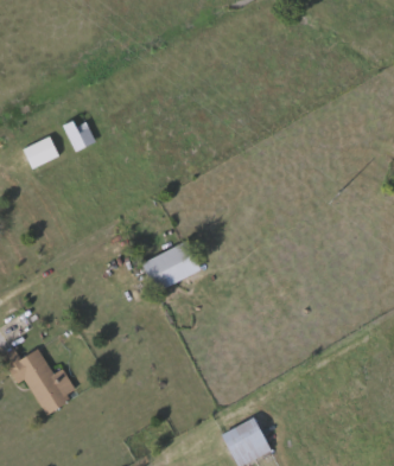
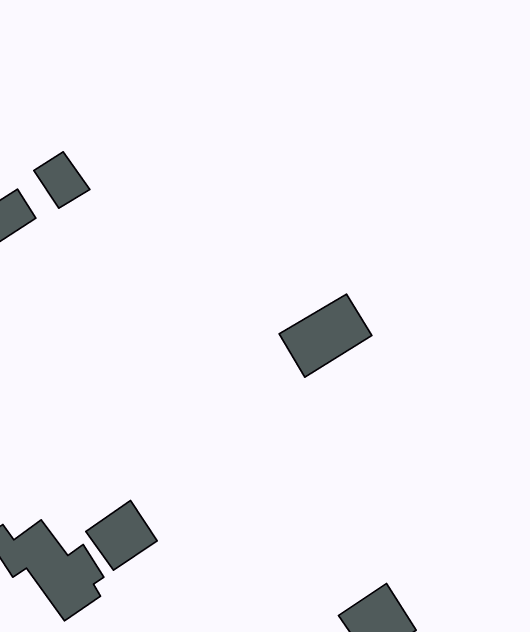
building: [142,243,202,293] -> [279,294,372,377]
building: none -> [86,501,157,570]

